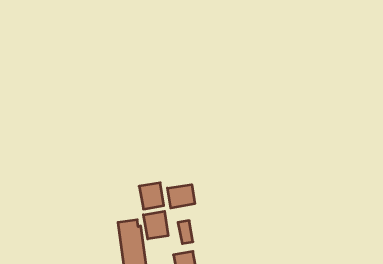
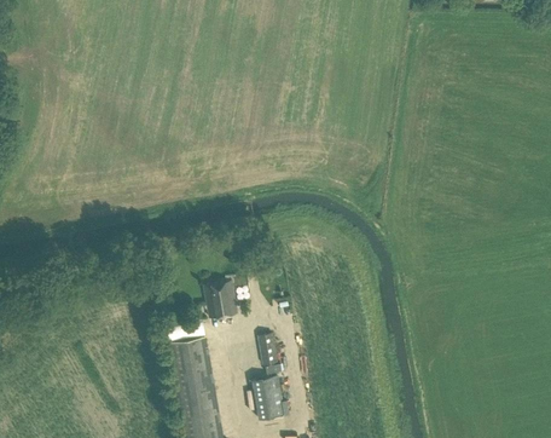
building: [167,185,195,208] -> none
building: [143,211,168,239] -> none

